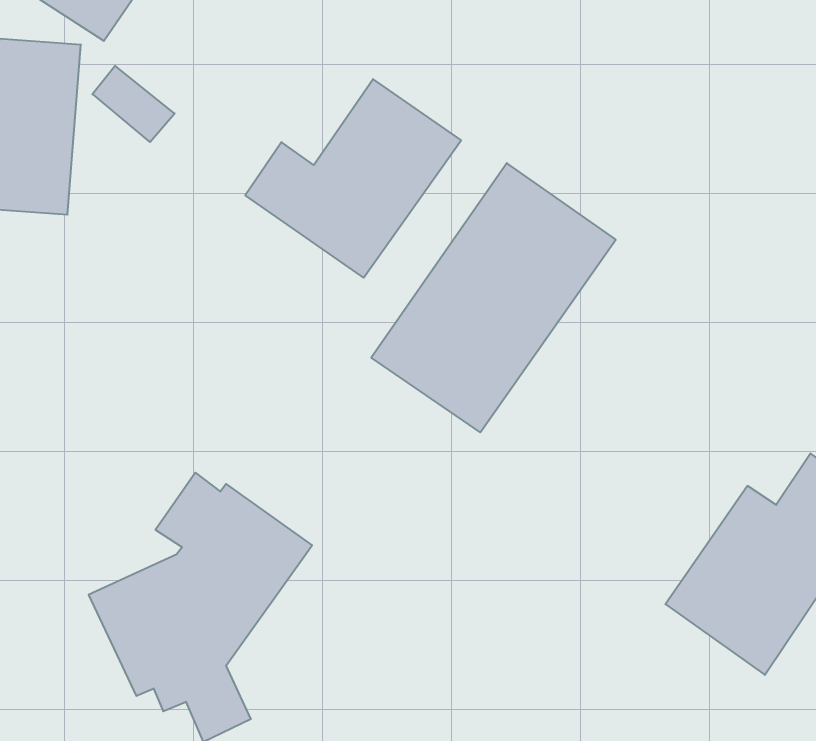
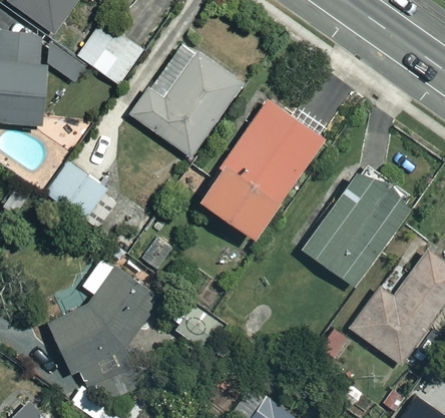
building: none -> [79,20,149,87]
building: none -> [47,162,108,221]
building: none -> [302,162,414,286]

